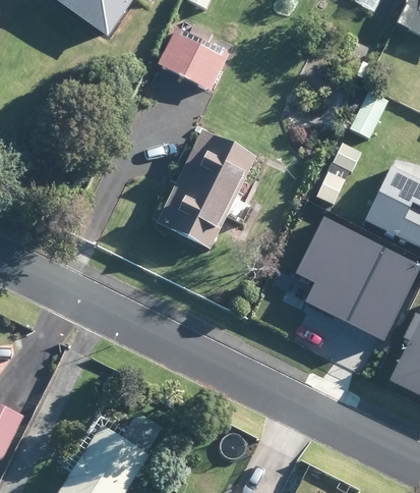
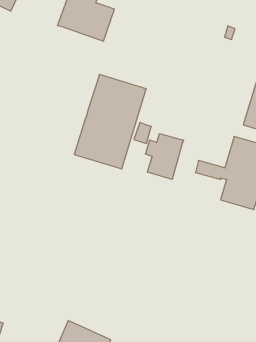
building: none -> [146,134,184,179]

